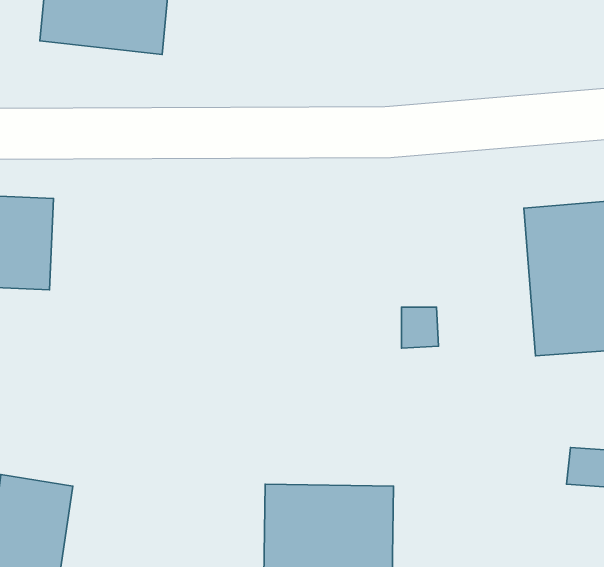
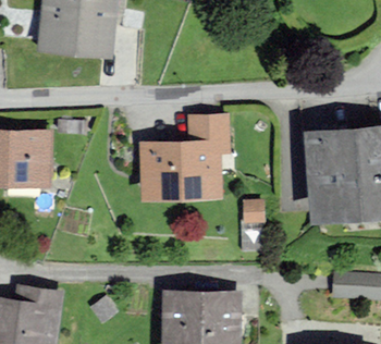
building: none -> [146,113,230,196]

